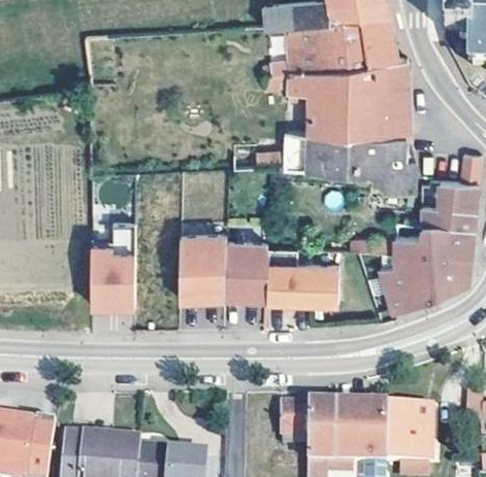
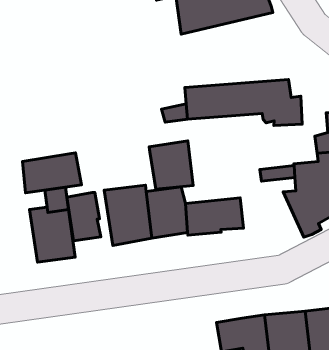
building: [263,57,411,138] -> none
building: none -> [23,153,82,193]
building: none -> [149,141,193,189]
building: none -> [67,192,101,241]

